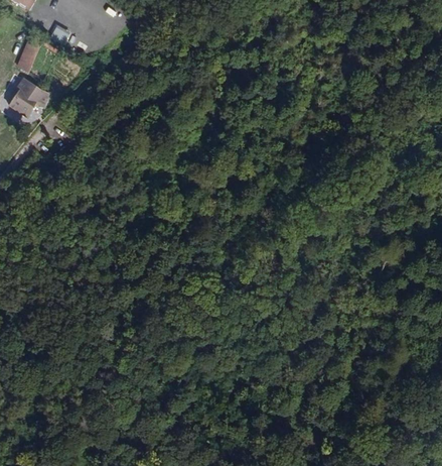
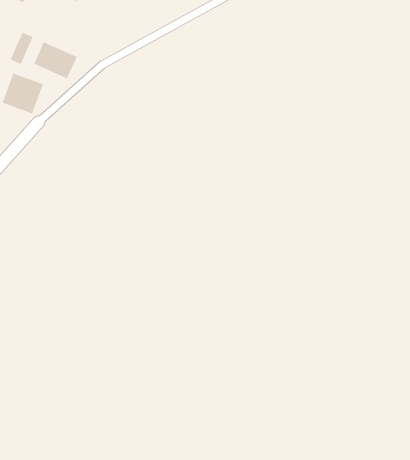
building: none -> [33,42,77,79]

